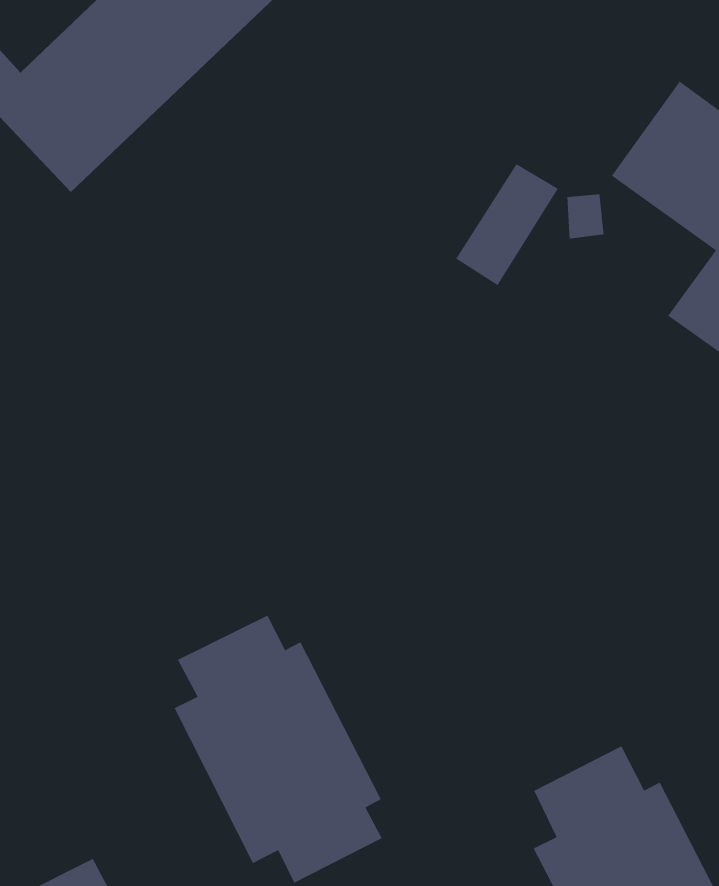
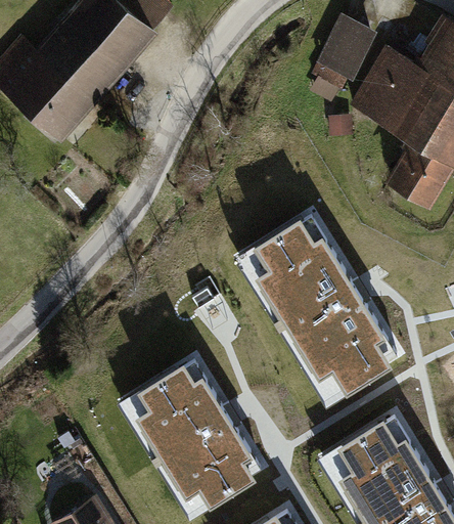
building: [455,163,559,286] -> [317,21,371,90]
building: none -> [252,216,393,394]

